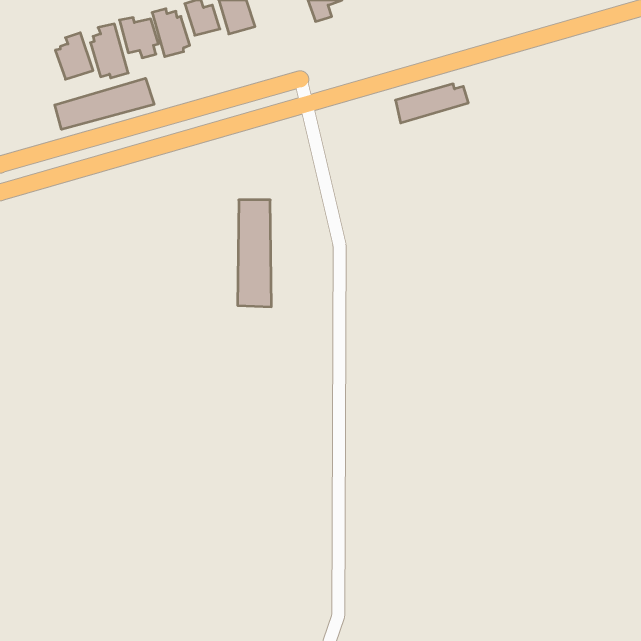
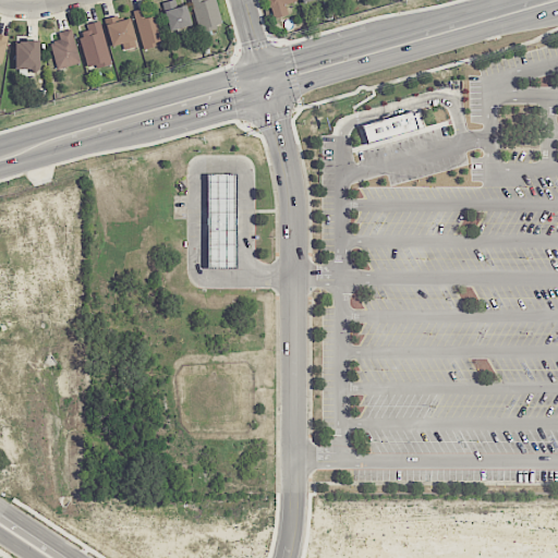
building: none -> [15,40,40,74]
building: [55,78,154,129] -> none
building: [395,84,468,123] -> [359,111,422,145]

